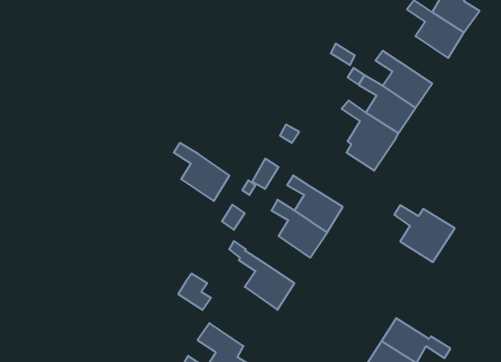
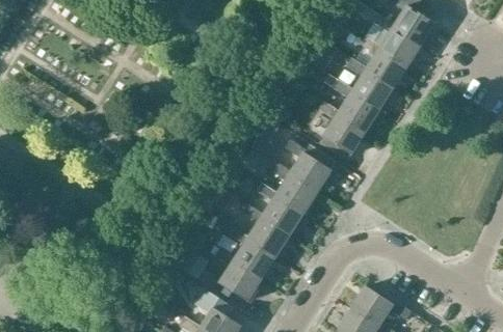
building: none -> [360,34,408,85]
building: [174,143,229,201] -> [242,206,290,256]
building: [394,205,455,262] -> [285,142,337,191]
building: none -> [214,250,262,302]

